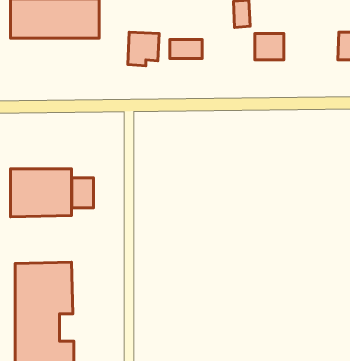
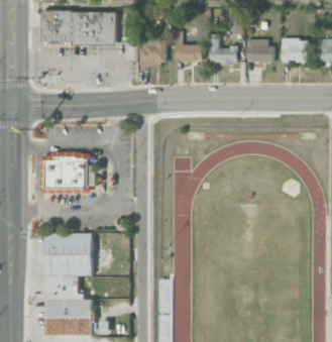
building: none -> [209,33,236,64]
building: none -> [281,38,307,62]
building: [72,178,94,208] -> none

